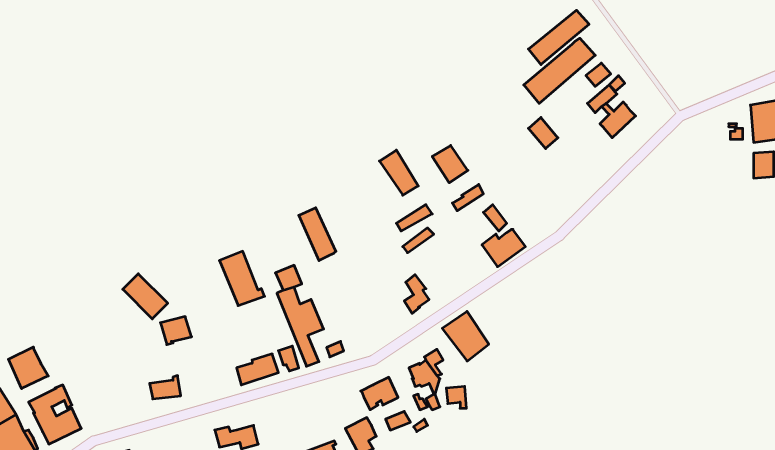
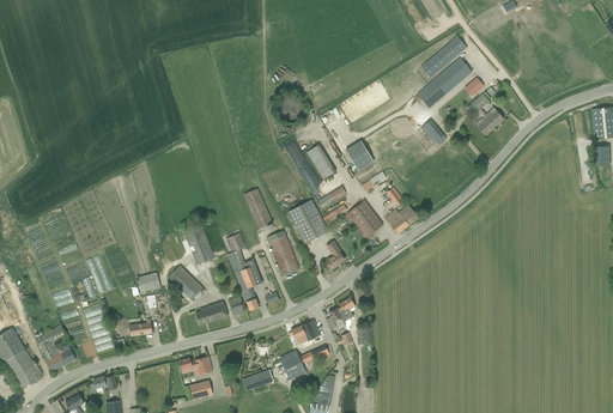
building: none -> [287,200,328,244]
building: none -> [266,231,298,275]
building: [123,274,168,319] -> [168,266,202,300]
building: [442,311,489,361] -> [346,200,382,238]
building: [8,347,48,389] -> none

